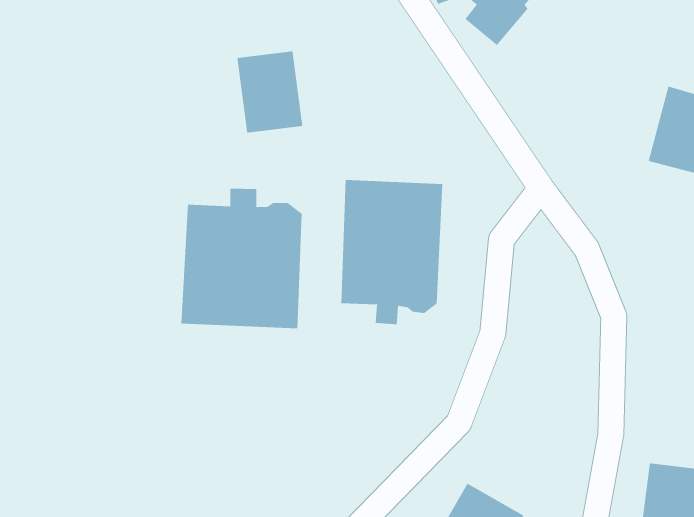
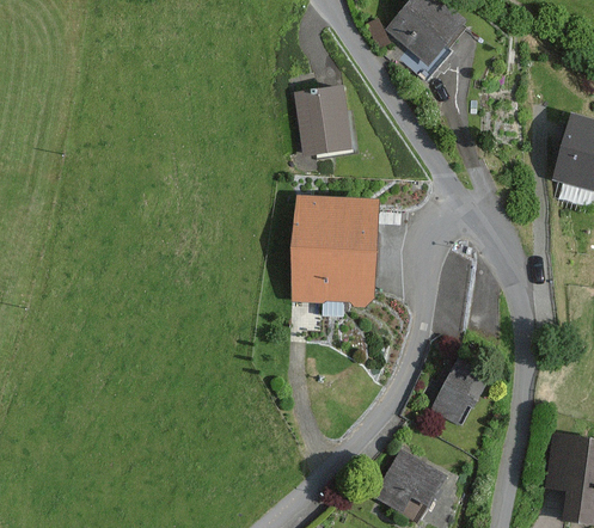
building: [236,51,303,133] -> [295,86,351,155]
building: [181,188,302,329] -> none
building: none -> [429,356,492,423]

